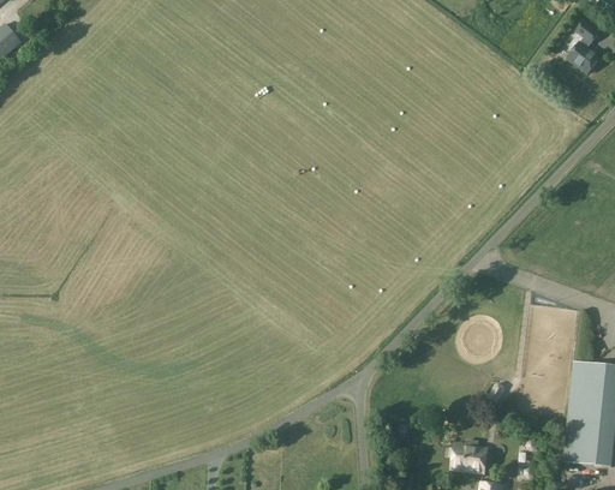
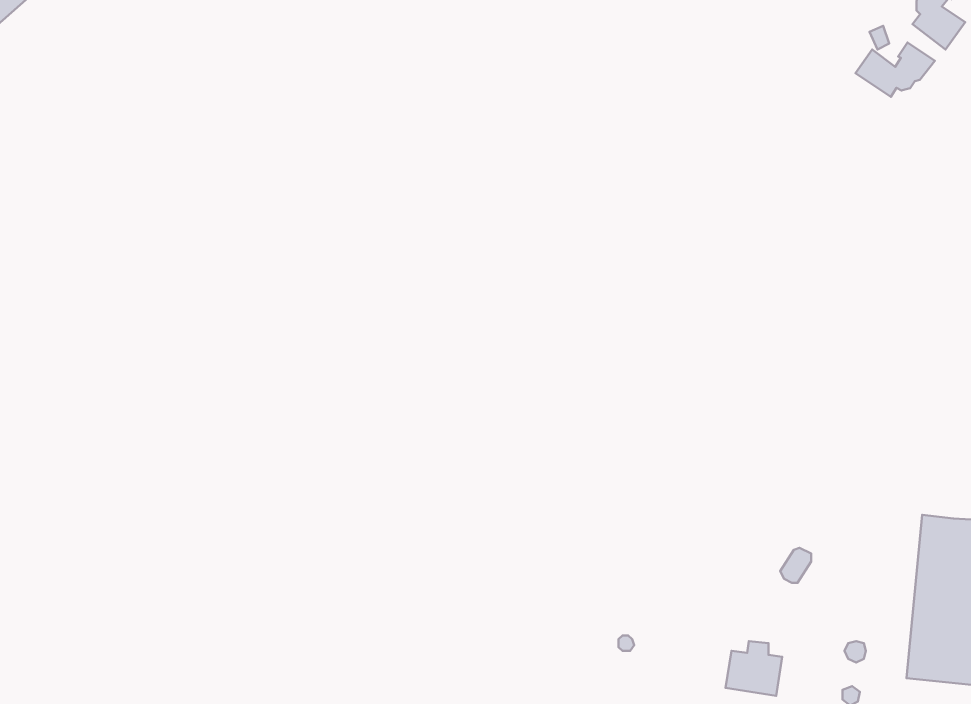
building: none -> [856,43,935,97]

